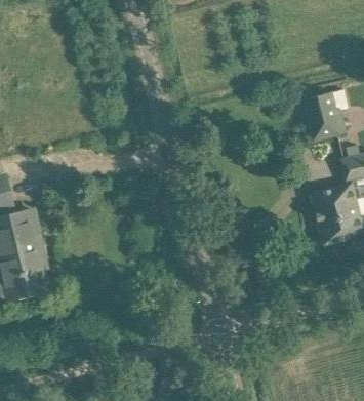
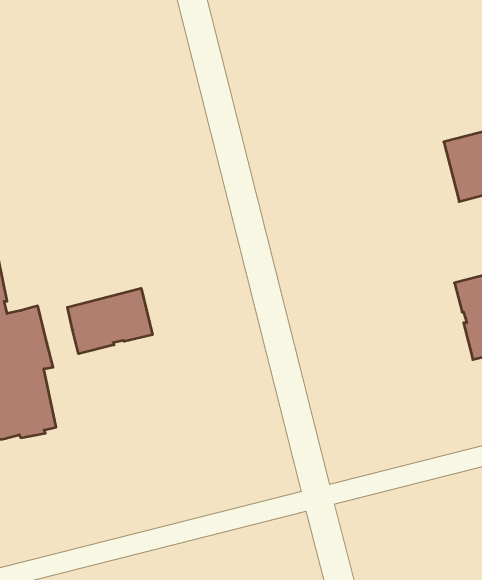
building: none -> [67,288,152,354]

